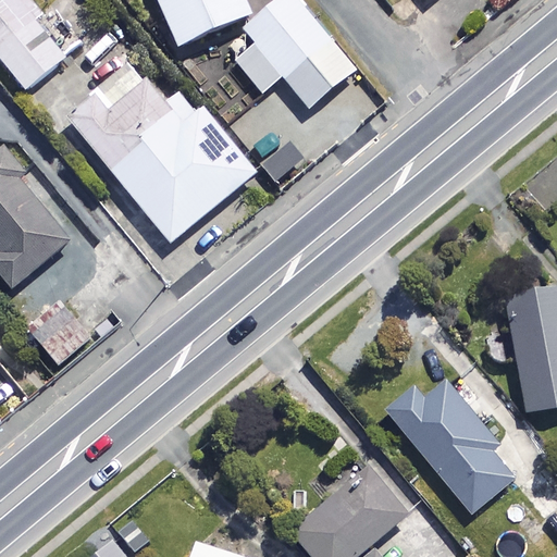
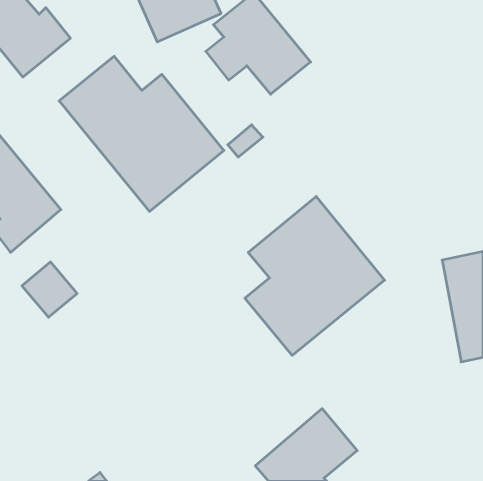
building: none -> [245,196,385,355]
building: [386,381,516,513] -> none

